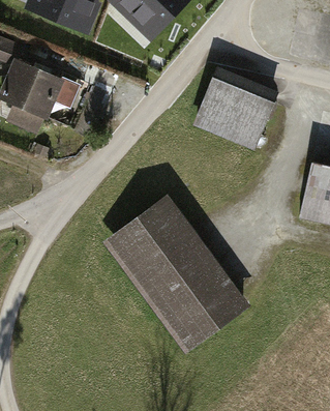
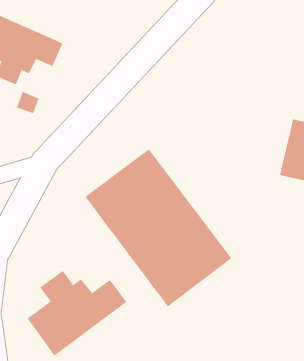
building: [192,66,277,147] -> none
building: none -> [27,270,127,357]

